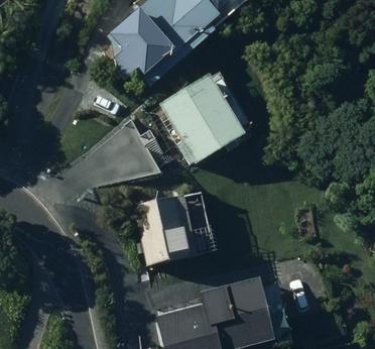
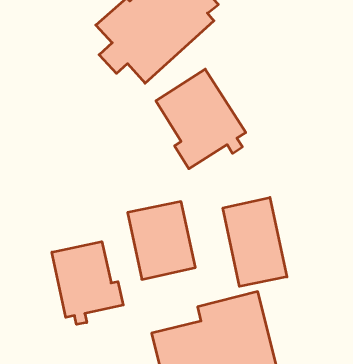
building: none -> [223,197,287,286]
building: none -> [52,242,123,324]

